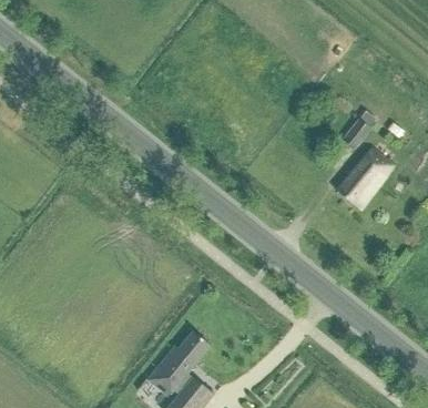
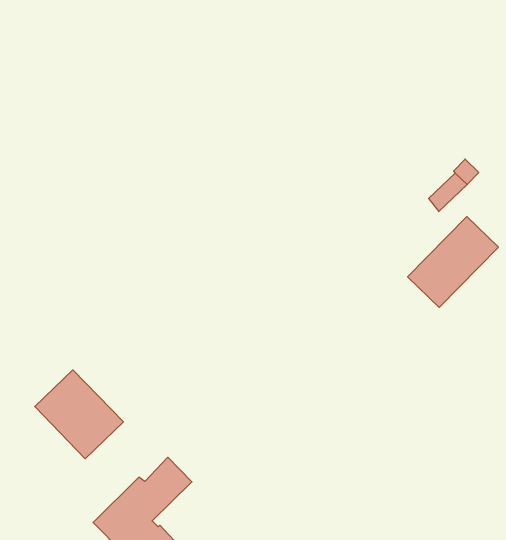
building: none -> [35,370,123,459]

